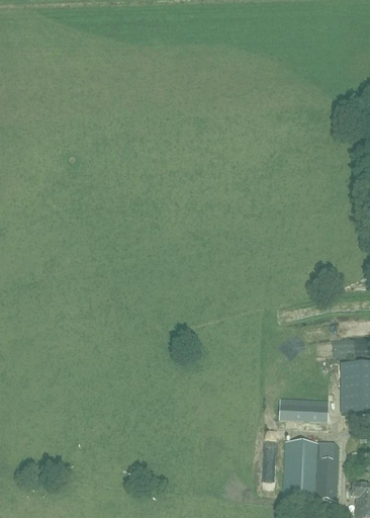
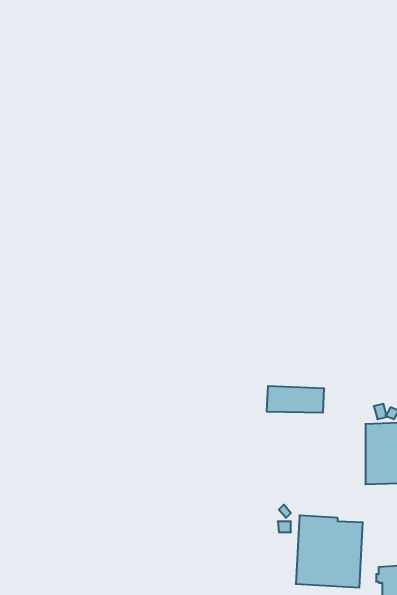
building: [279,398,328,420] -> [267,386,324,413]

